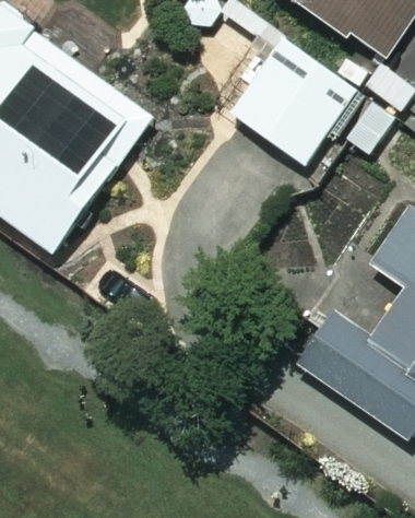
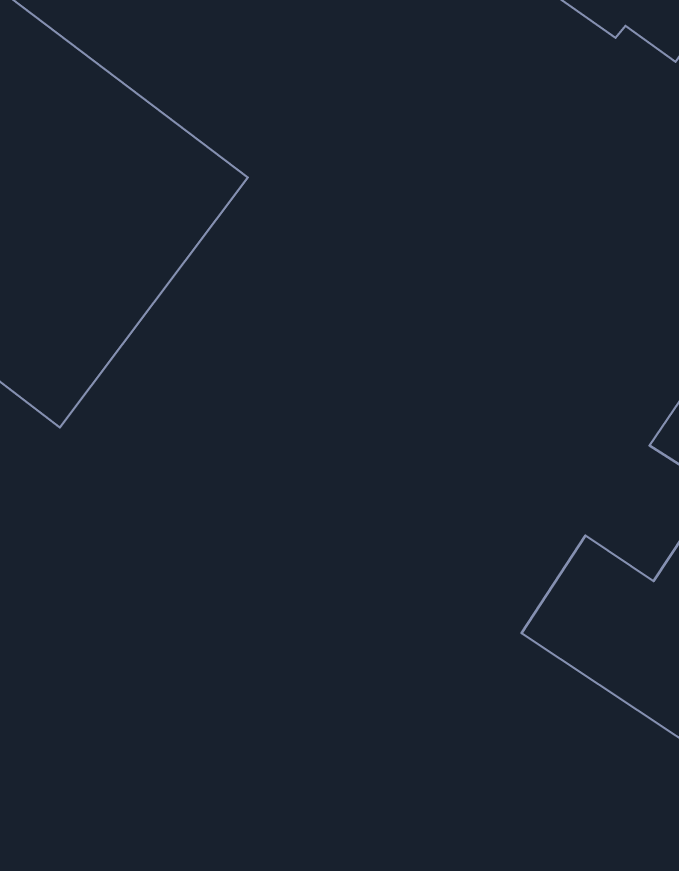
building: [228,31,360,164] -> none

